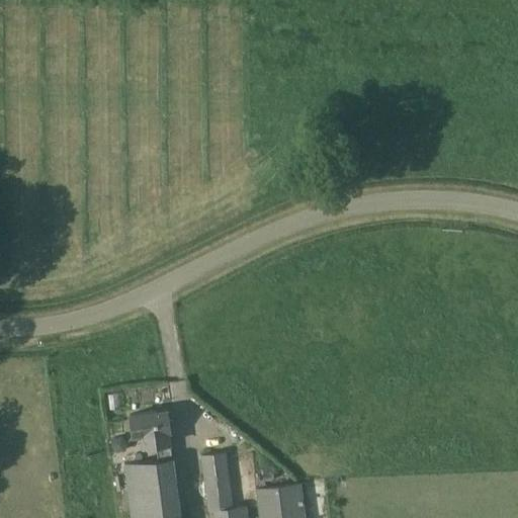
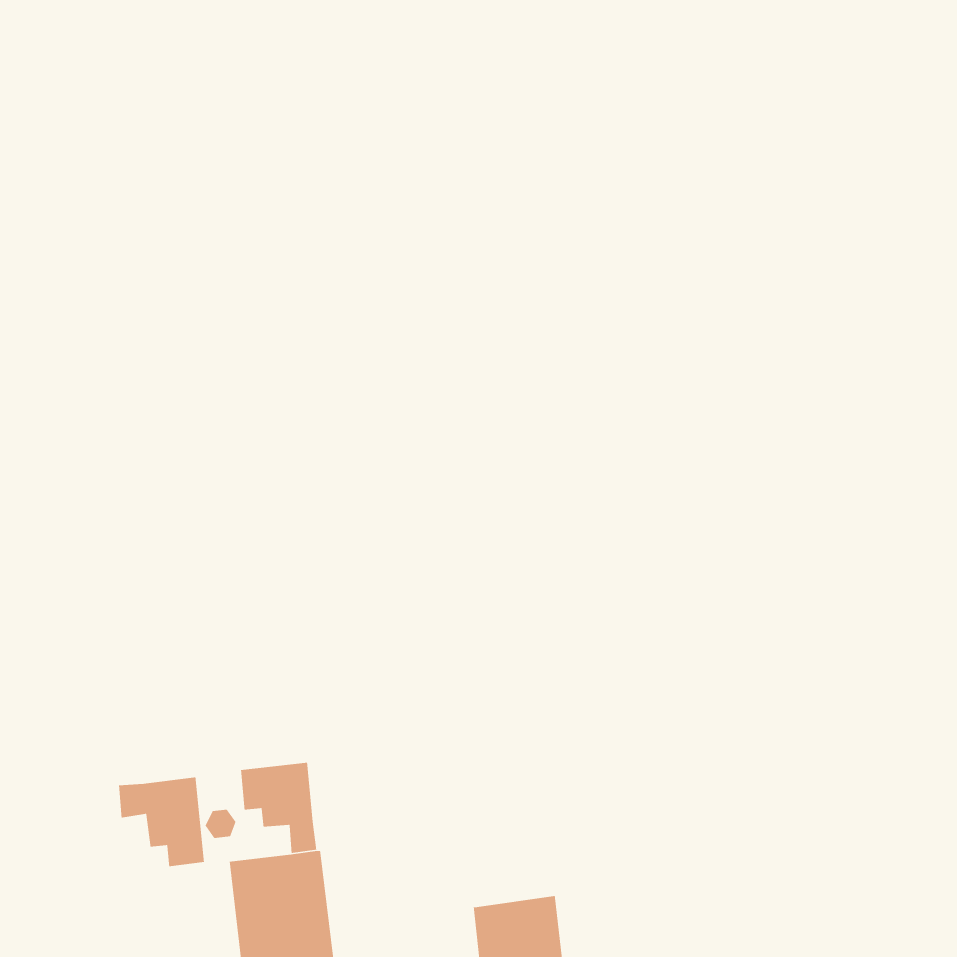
building: none -> [118,777,205,867]
building: [200,453,234,513] -> none

